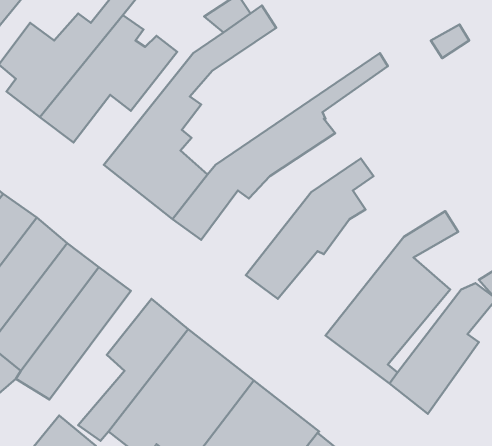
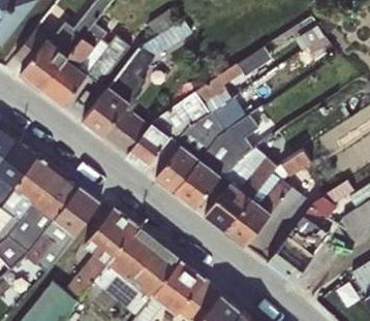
building: none -> [154,99,245,192]
building: none -> [204,148,276,231]

